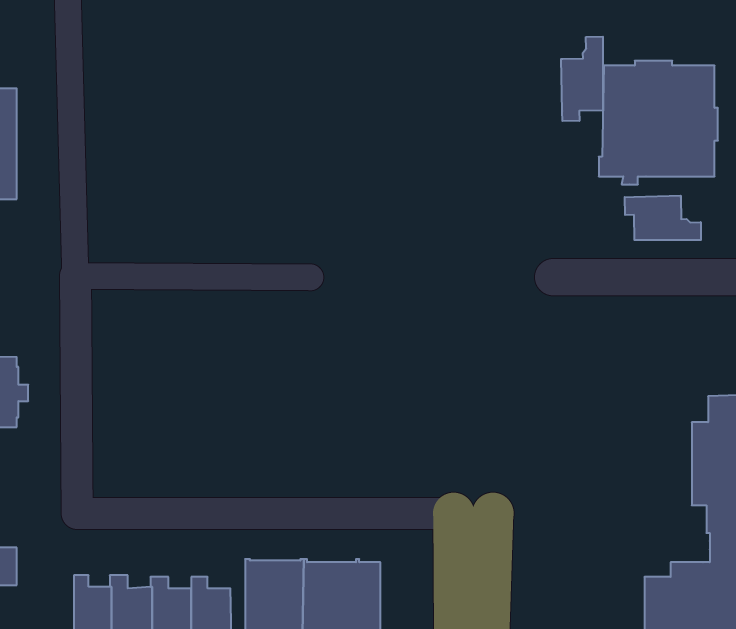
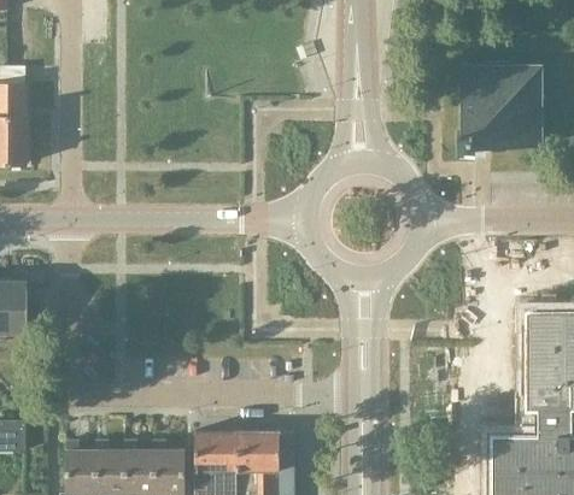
building: [561,37,603,121] -> none
building: [625,196,701,240] -> none

